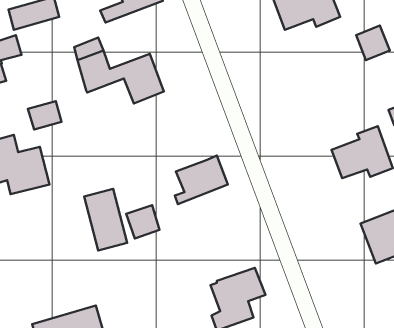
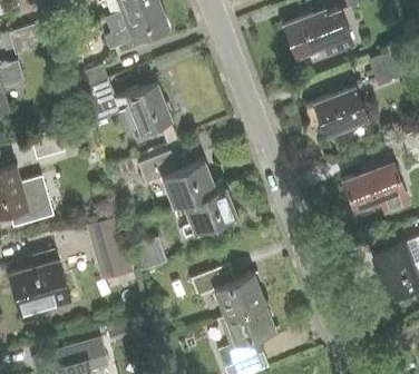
building: none -> [313,86,368,135]
building: none -> [139,152,216,206]
building: none -> [11,249,69,312]
building: none -> [192,264,265,315]

